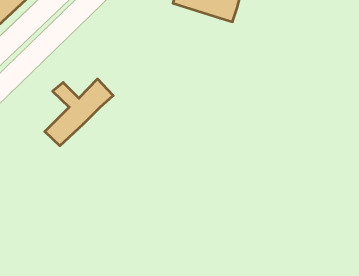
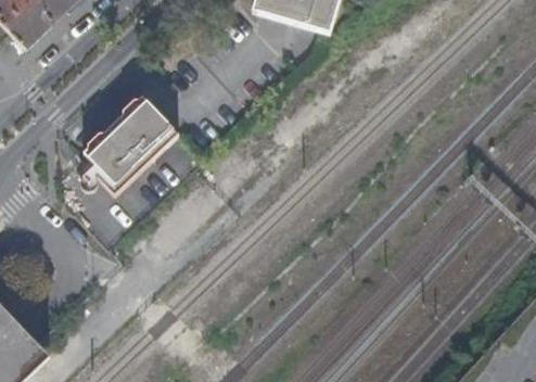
building: none -> [119,87,162,130]
building: none -> [75,122,127,178]

